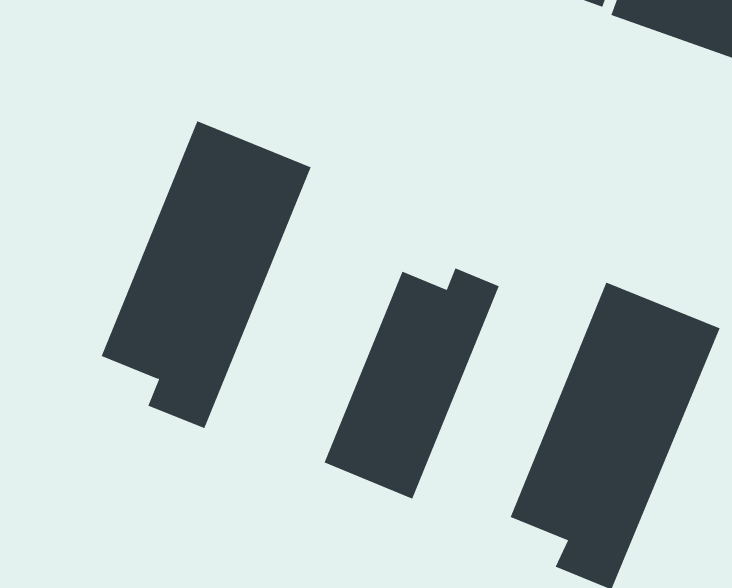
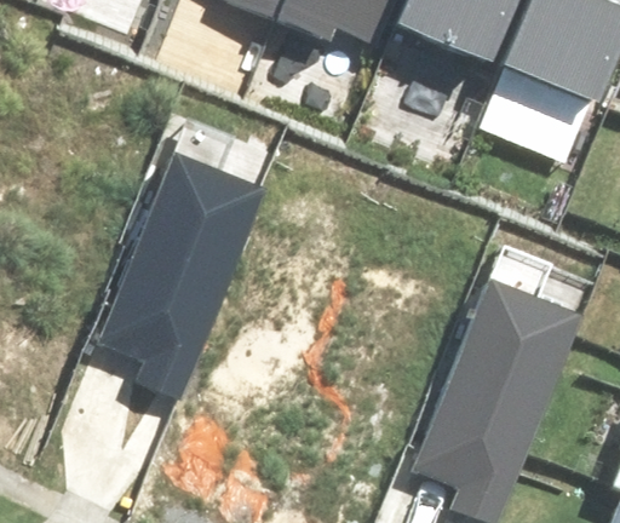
building: [324,267,500,499] -> none

